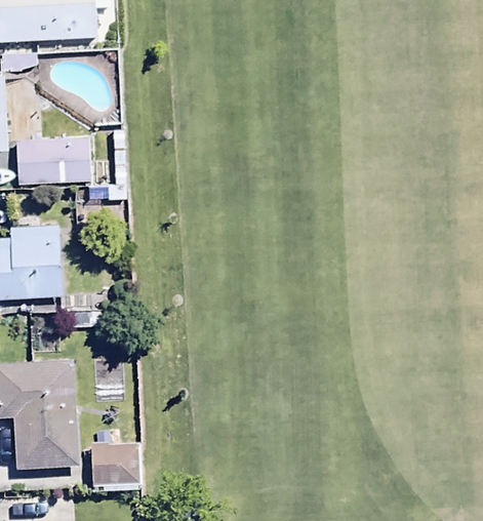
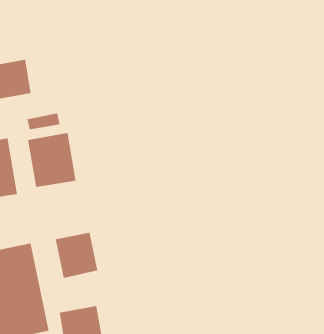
building: none -> [27,132,77,188]
building: none -> [55,232,98,279]

